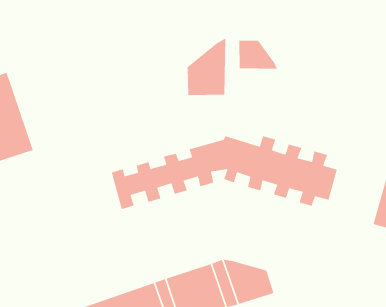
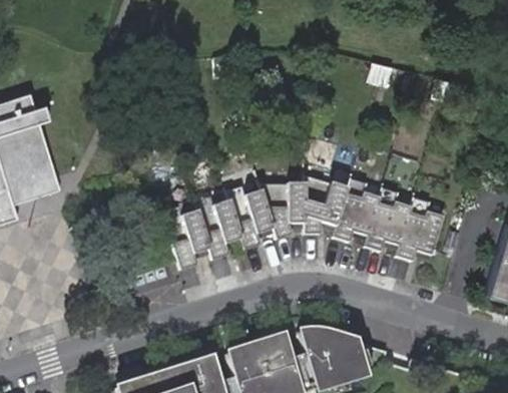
building: [187,37,226,96] -> none
building: [238,40,279,69] -> none

